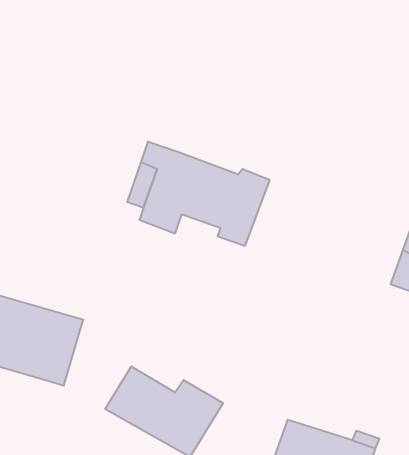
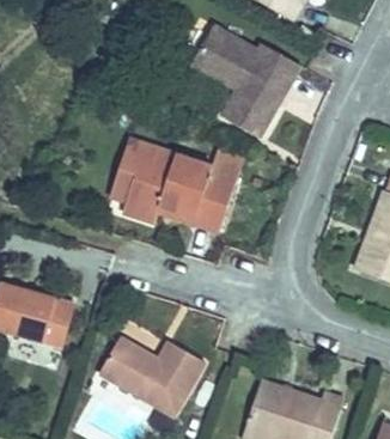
building: none -> [194,29,294,132]

